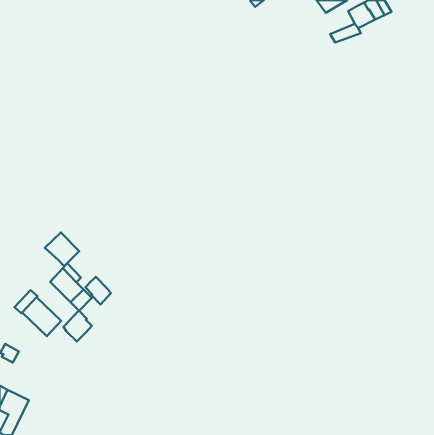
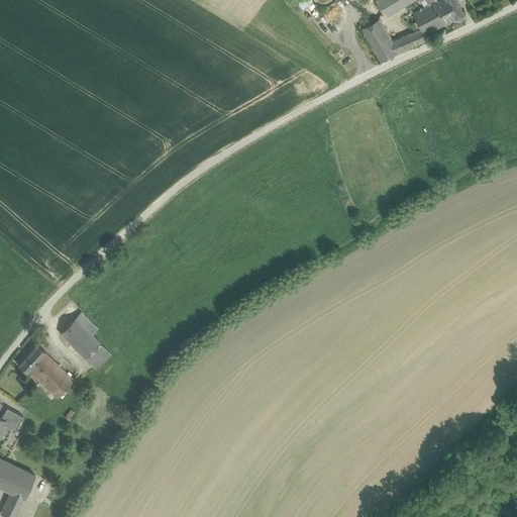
building: none -> [361,18,398,61]
building: [45,233,79,266] -> none
building: [85,277,111,305] -> none
building: [64,310,92,341] -> none

